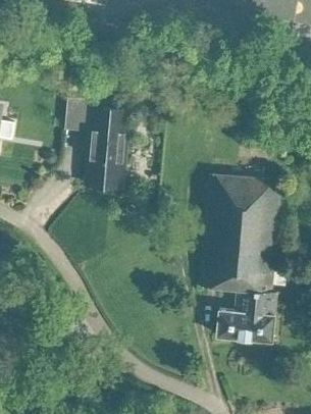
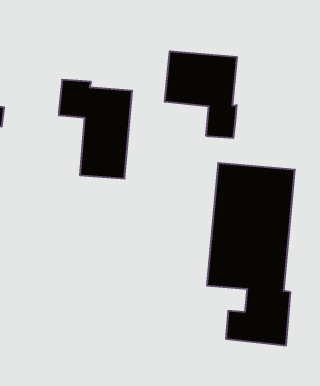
building: none -> [165,51,237,138]

